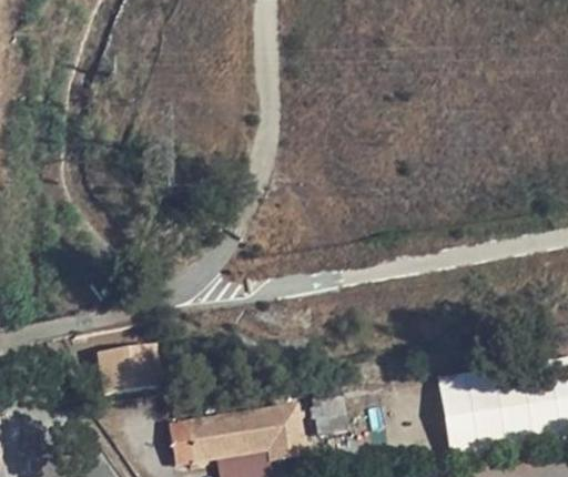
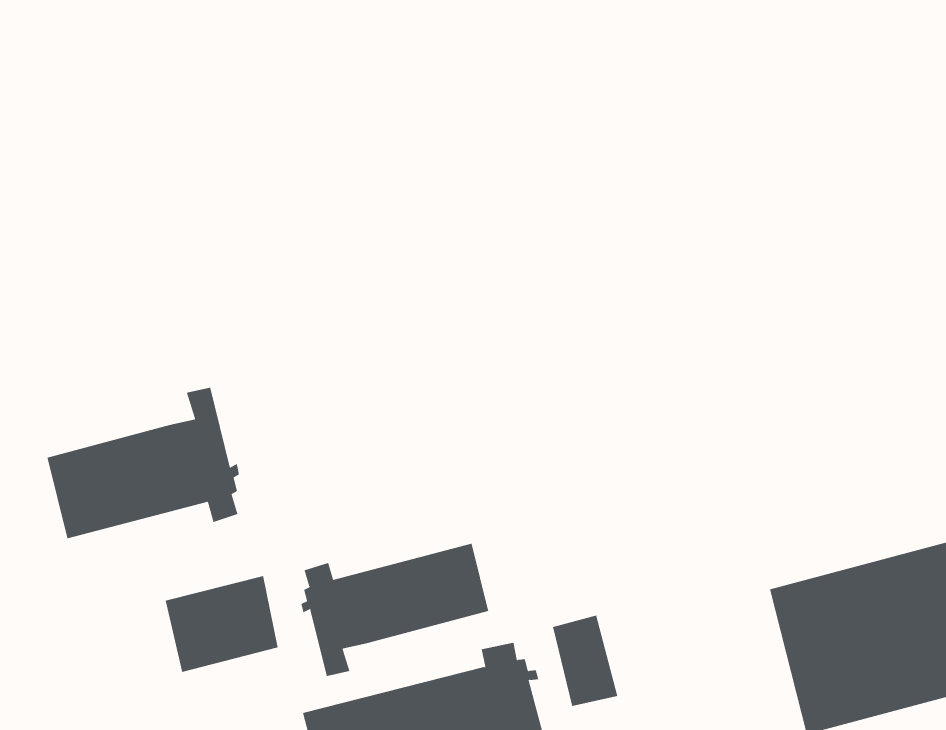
building: none -> [47,387,240,539]
building: none -> [301,543,489,677]

